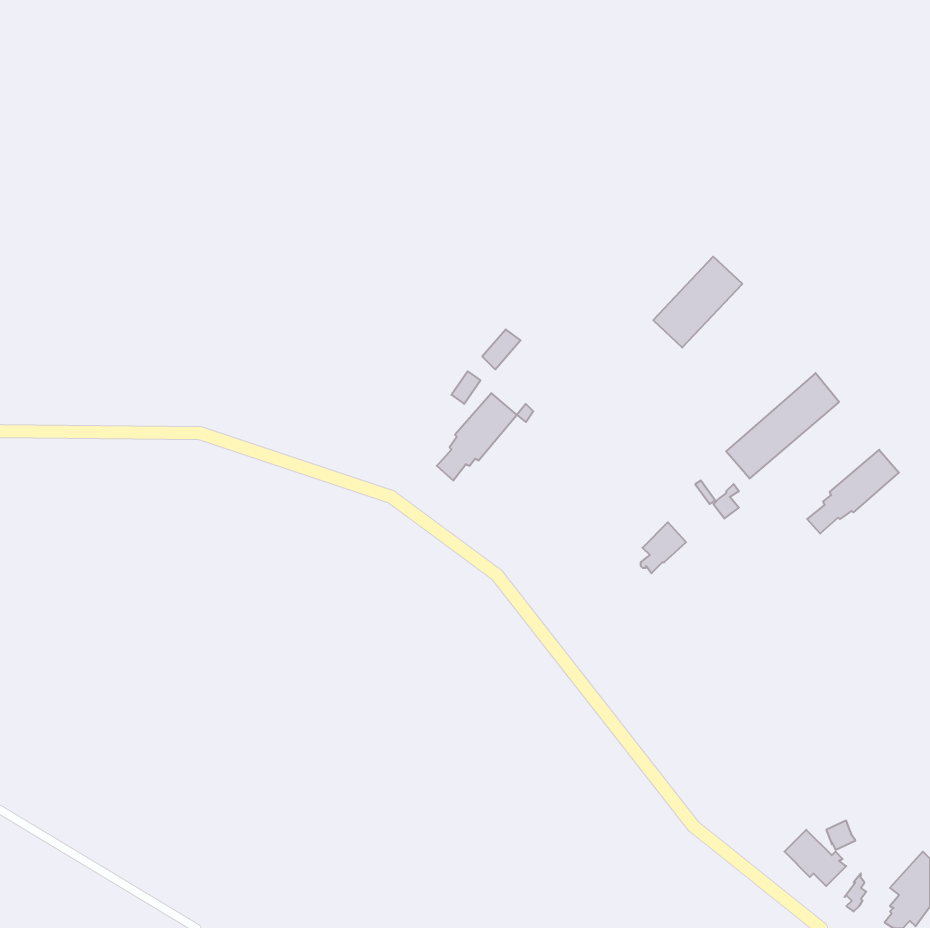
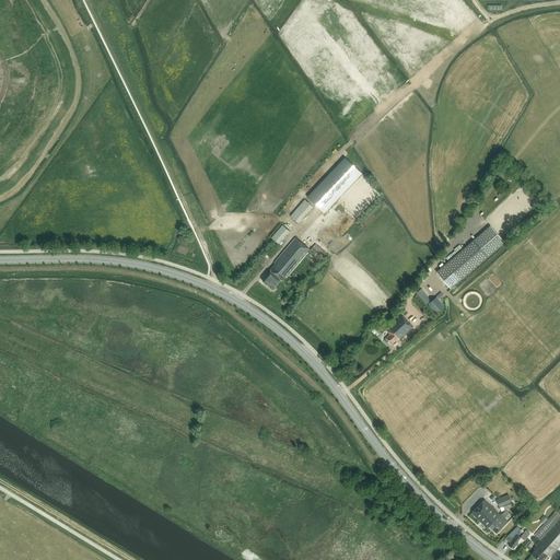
building: [653,257,742,348] -> [308,156,362,211]
building: [807,450,899,534] -> none

